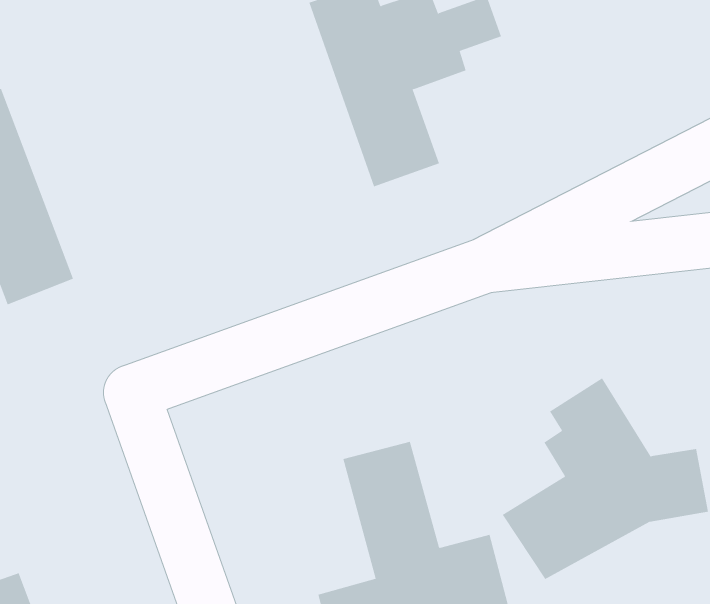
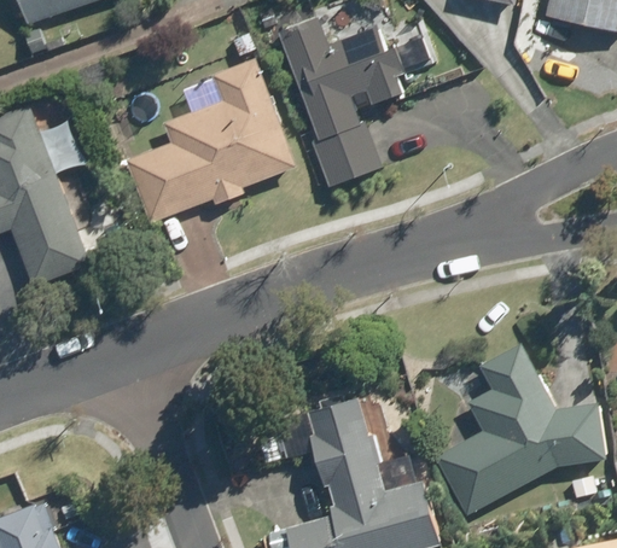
building: none -> [129,58,295,220]

